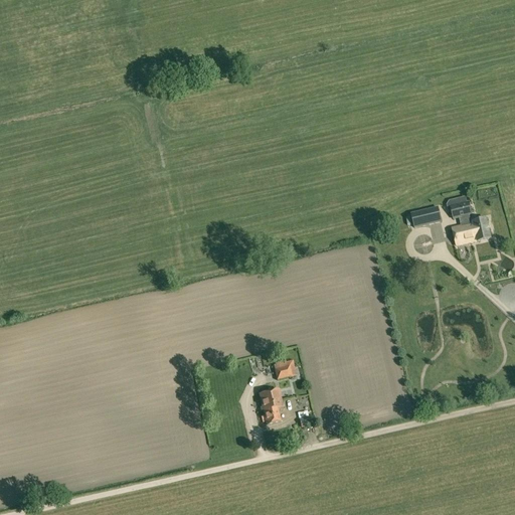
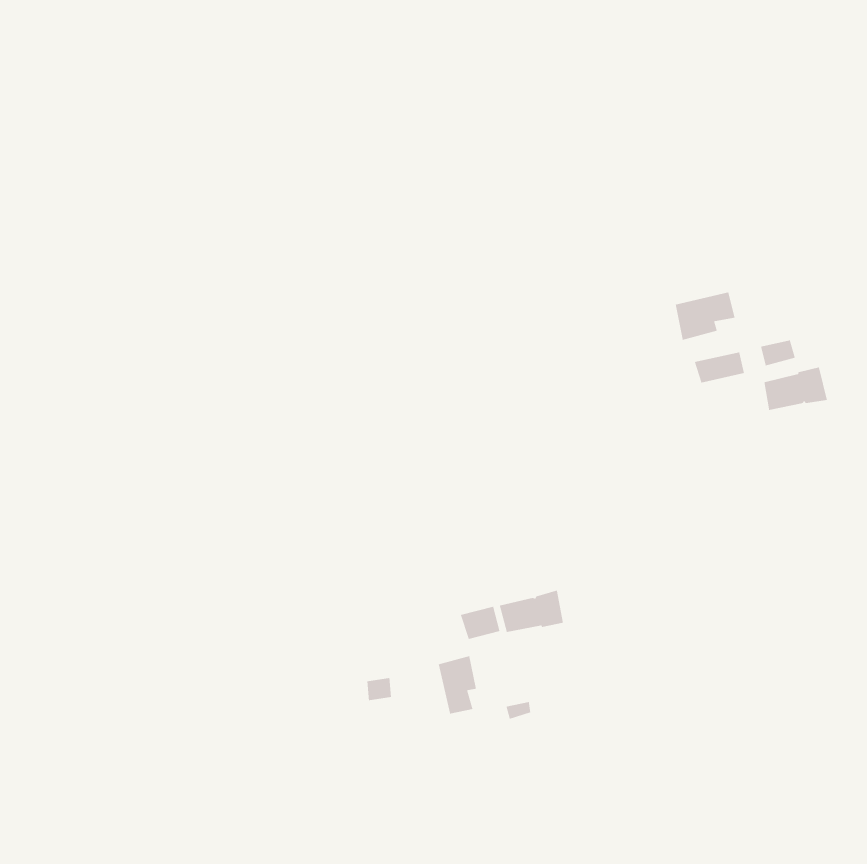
building: none -> [675,292,735,341]
building: none -> [499,590,564,633]

